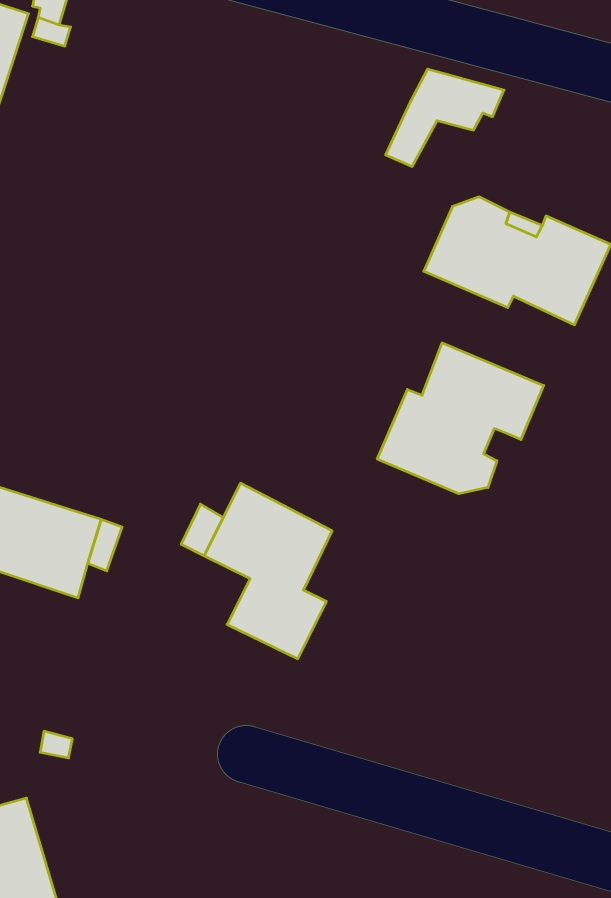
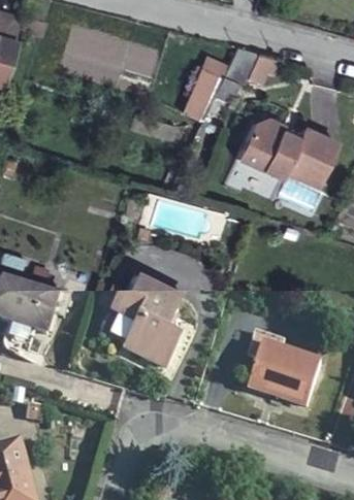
building: none -> [183,57,226,118]
building: [377,343,544,494] -> none
building: none -> [250,344,320,405]

